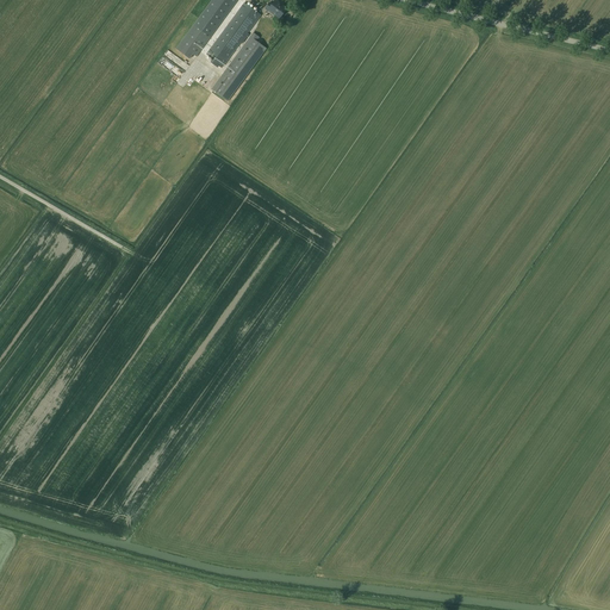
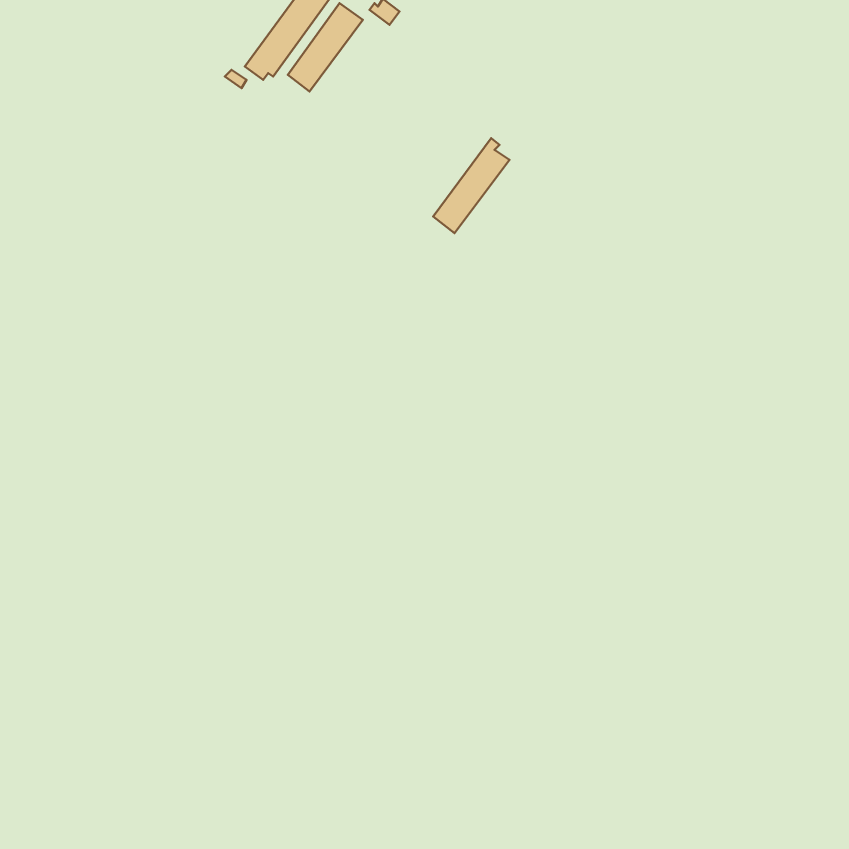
building: [211,32,266,100] -> [433,138,510,233]

